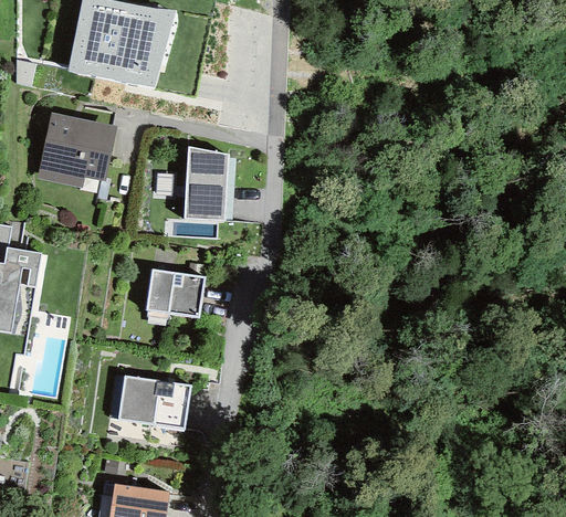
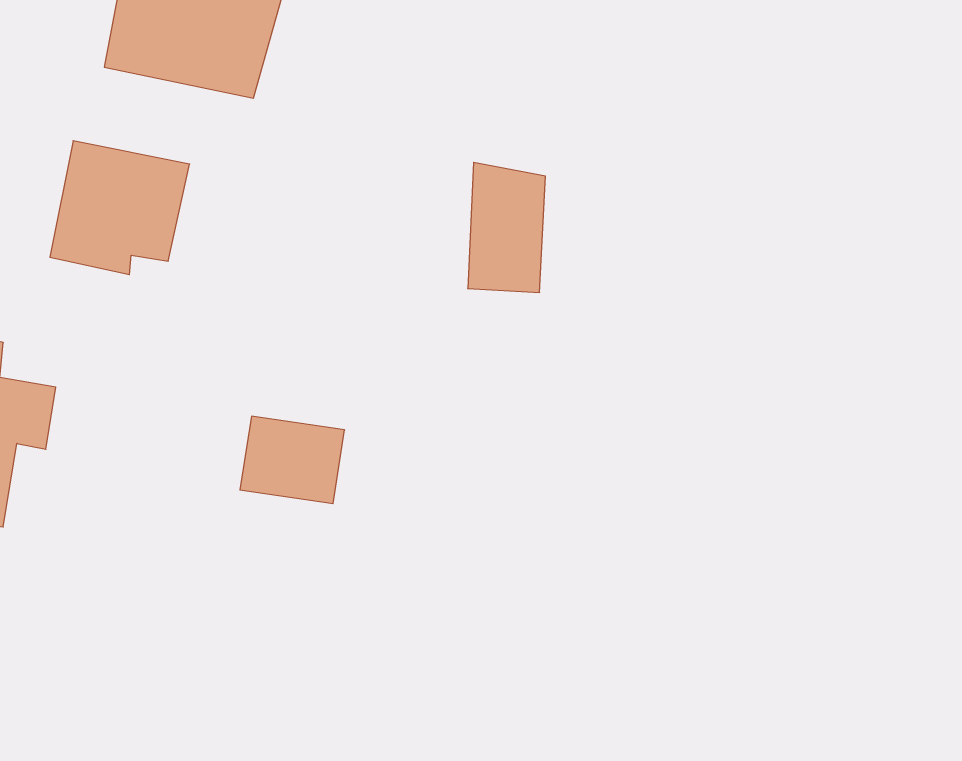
building: [184,146,228,220] -> [468,162,545,292]
building: [117,376,190,429] -> none

